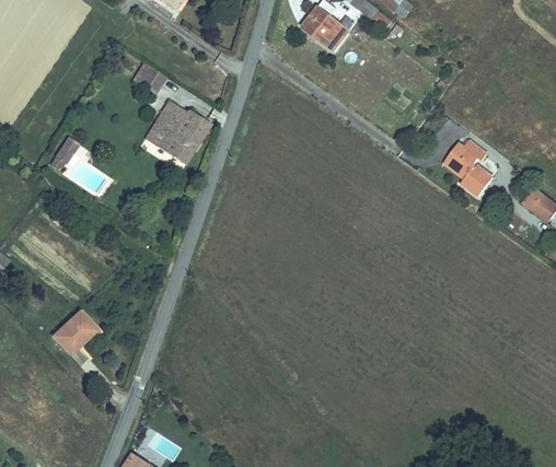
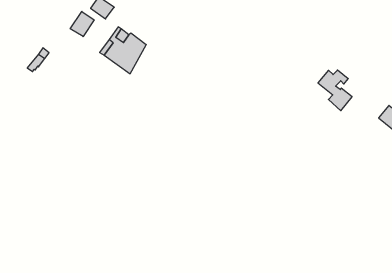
building: none -> [70,11,94,37]
building: [56,312,103,357] -> none

